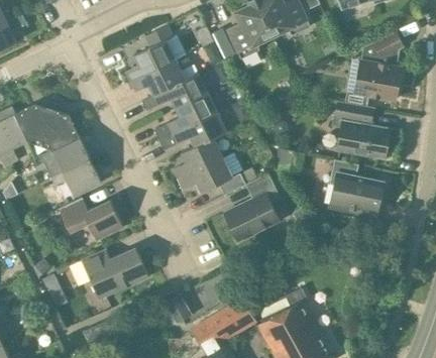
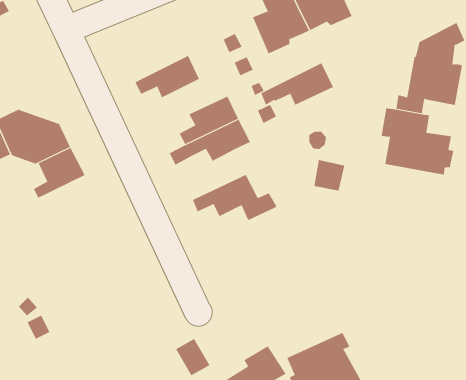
building: [124,25,174,82] -> none
building: [145,73,206,108] -> [260,63,334,105]
building: [172,137,221,178] -> none
building: [49,158,100,196] -> none
building: [328,160,382,213] -> none
building: [223,174,280,240] -> none
building: [58,198,121,240] -> none
building: [80,248,147,299] -> none

